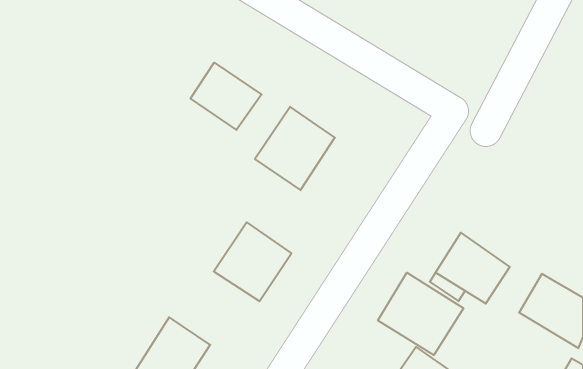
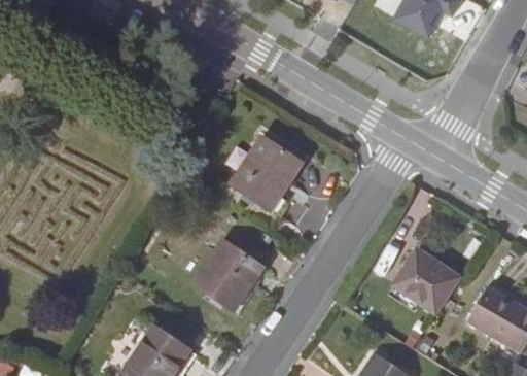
building: [191,63,262,130] -> none
building: [378,273,463,355] -> none

